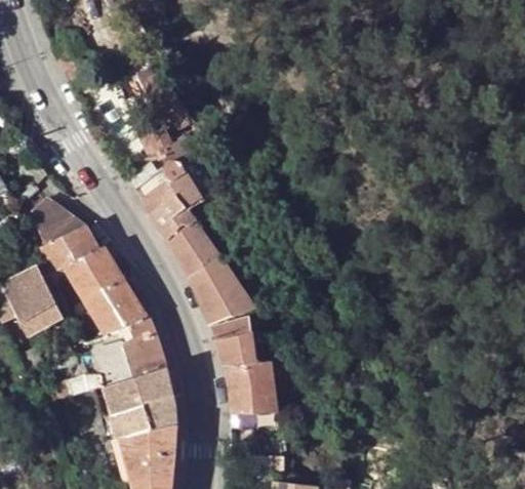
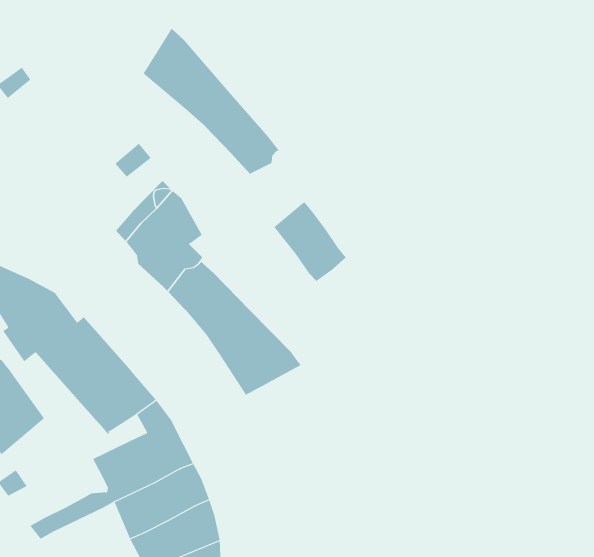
building: none -> [143,28,280,175]
building: none -> [273,201,347,282]
building: [212,320,276,412] -> none

